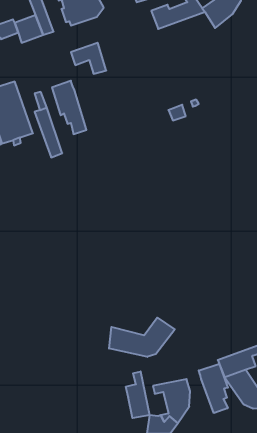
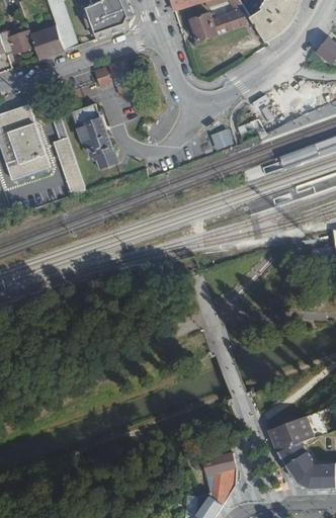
building: [109,318,175,357] -> none
building: [199,364,228,413] -> none
building: [126,371,150,418] -> none

